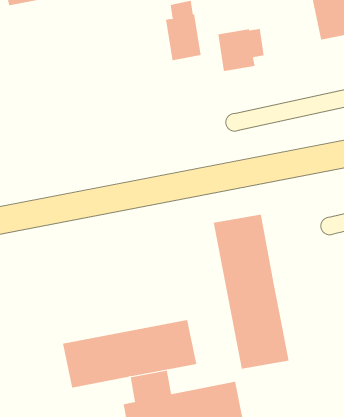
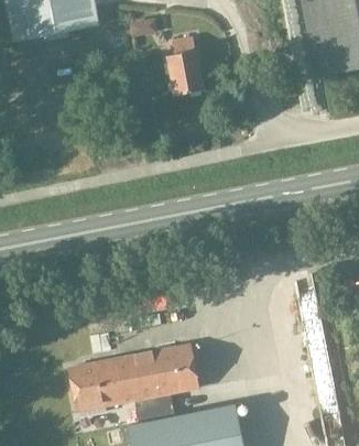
building: [218,28,264,72] -> none
building: [213,214,289,370] -> none

